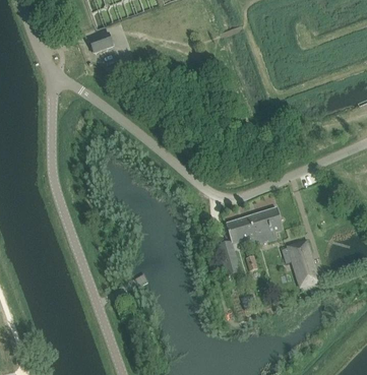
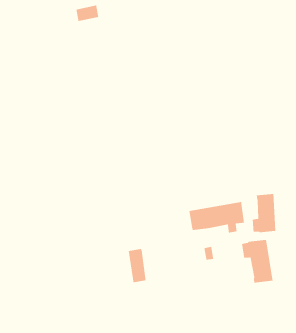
building: none -> [252,193,278,233]
building: [218,239,240,274] -> [128,248,147,283]

